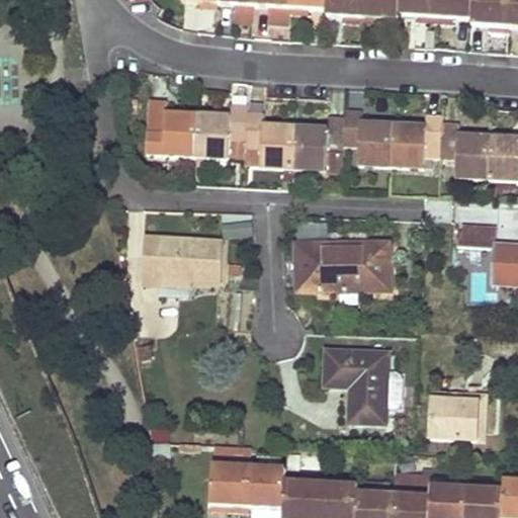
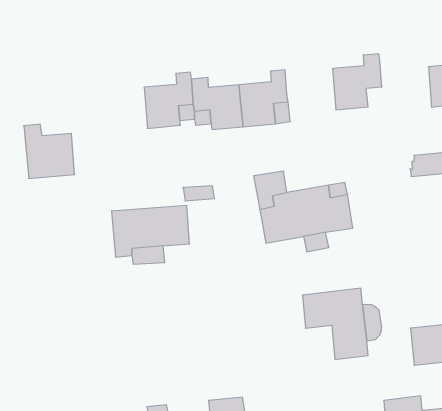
building: [147,97,197,155] -> [24,124,75,178]
building: [342,109,393,165] -> none
building: [440,121,491,177] -> none

